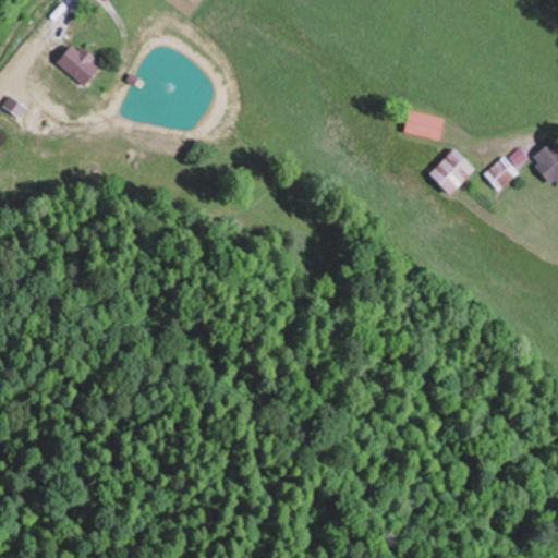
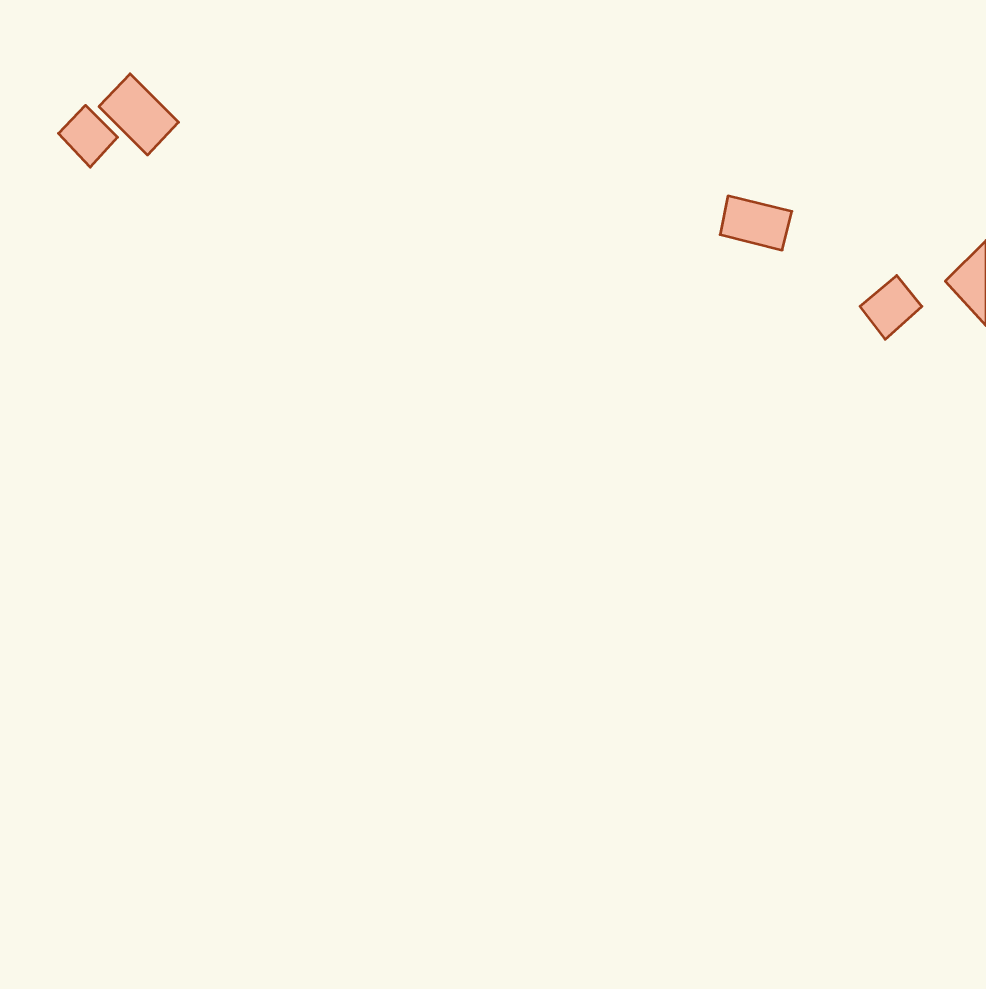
building: none -> [58,105,118,167]
building: [429,148,476,195] -> none

